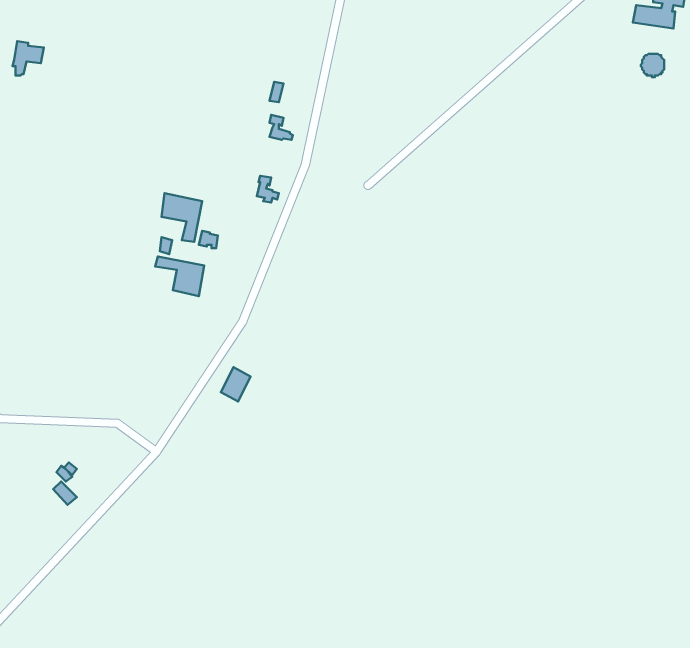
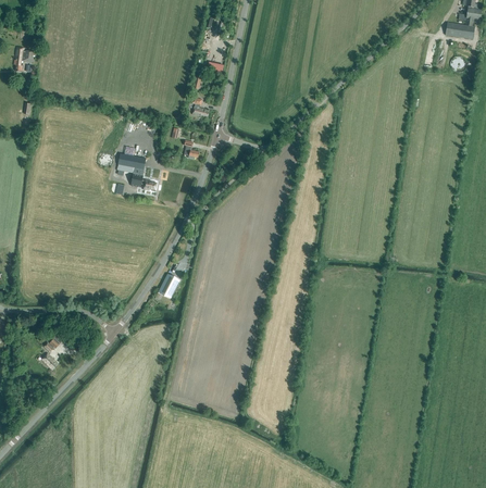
building: [155,257,204,296] -> none

